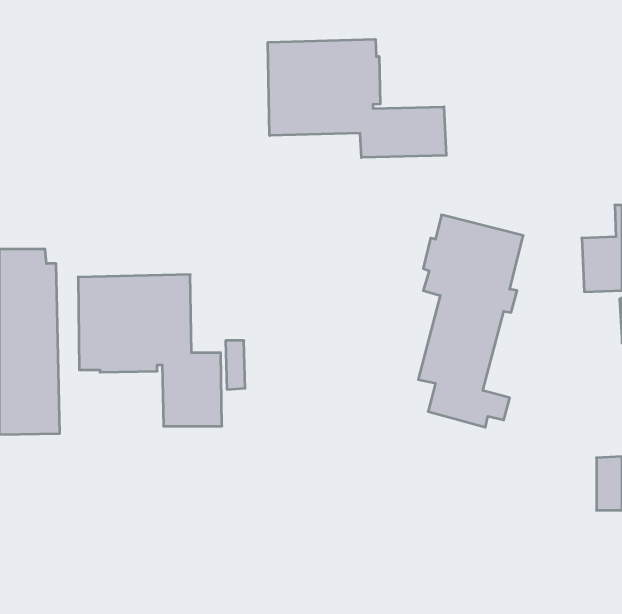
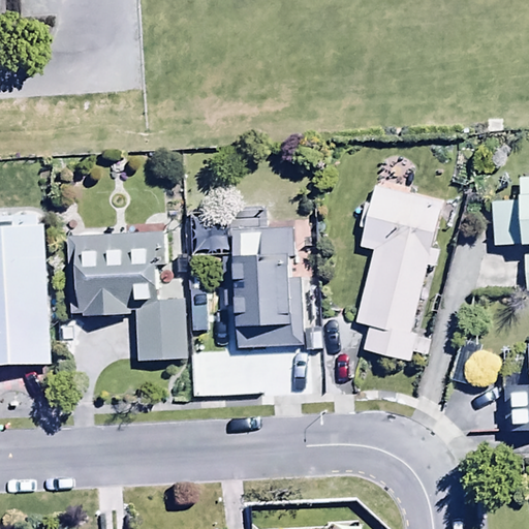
building: [268,39,446,158] -> none
building: none -> [190,210,303,347]

